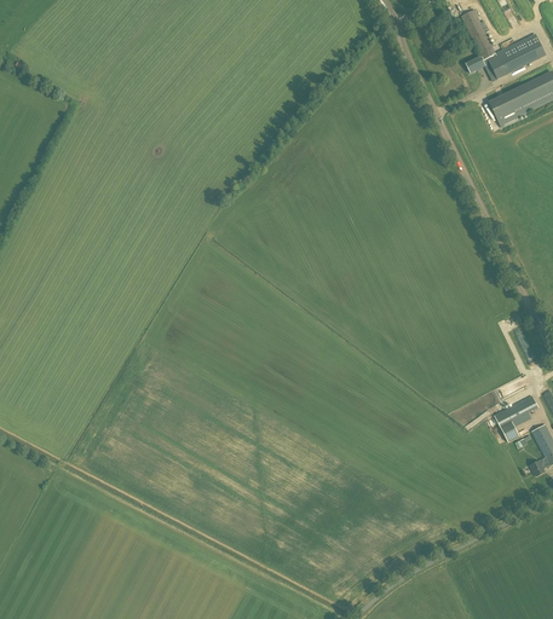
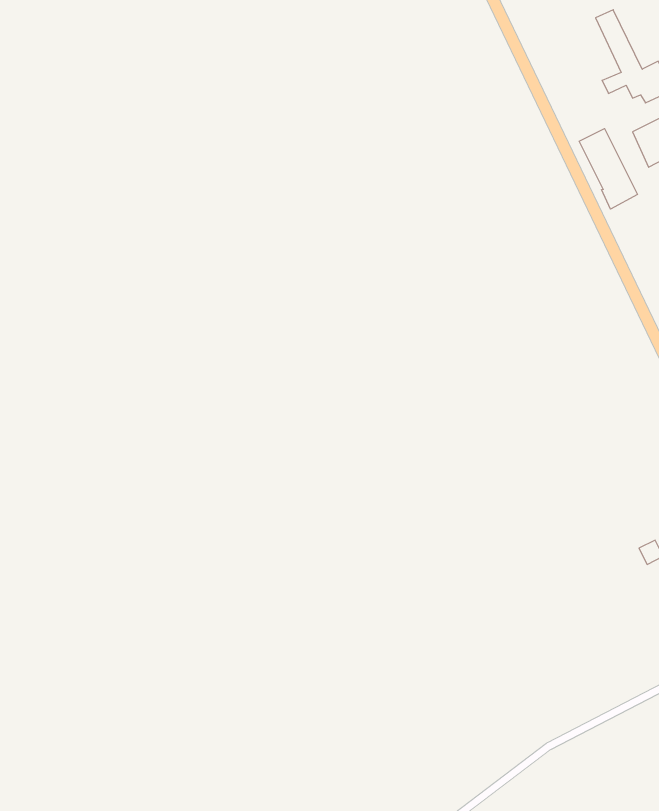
building: none -> [579,129,637,209]

